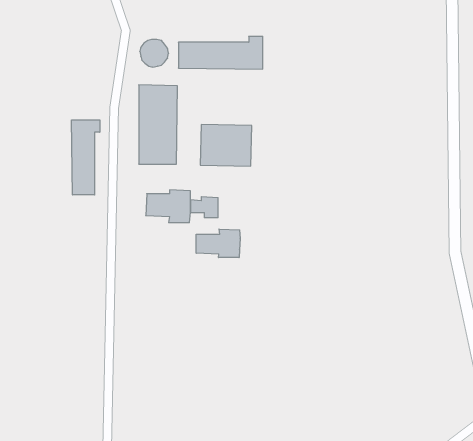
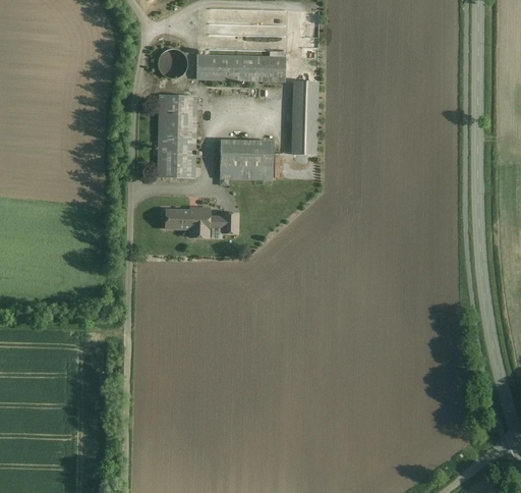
building: none -> [291,80,317,155]
building: [72,120,100,195] -> none
building: [196,229,240,258] -> none

